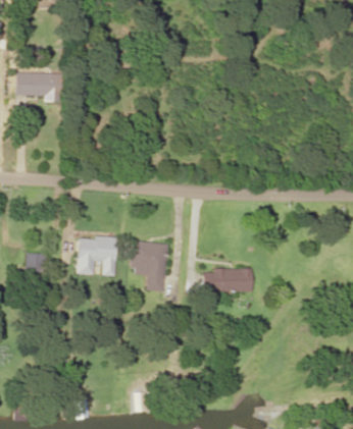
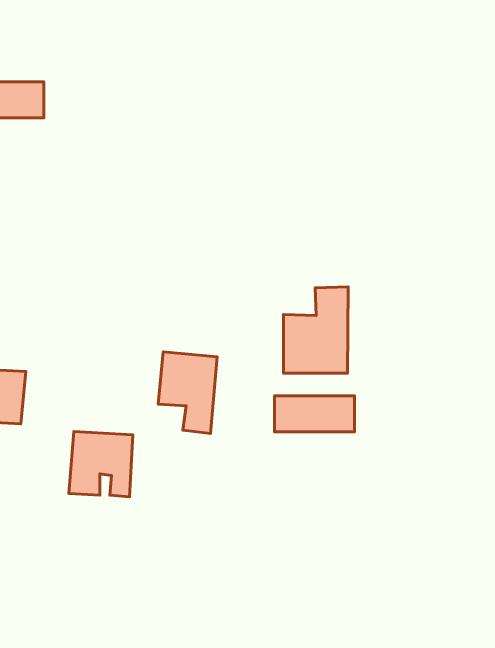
building: none -> [283,287,348,373]
building: [77,235,116,276] -> [69,431,133,497]

